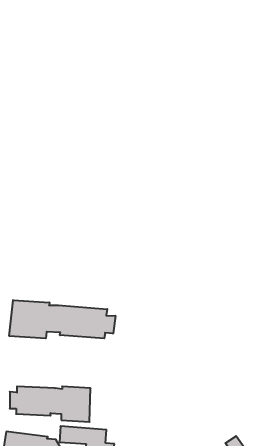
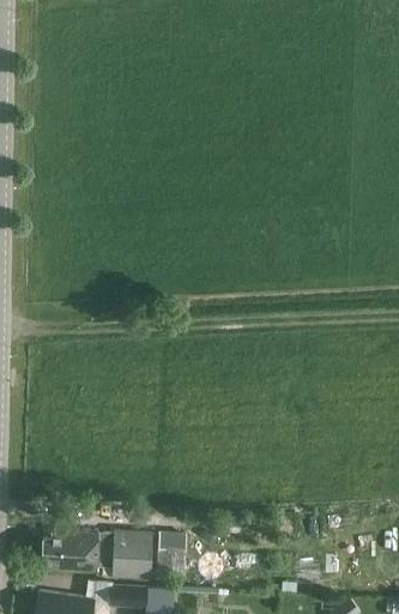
building: [9,300,115,338] -> none
building: none -> [157,531,186,574]

